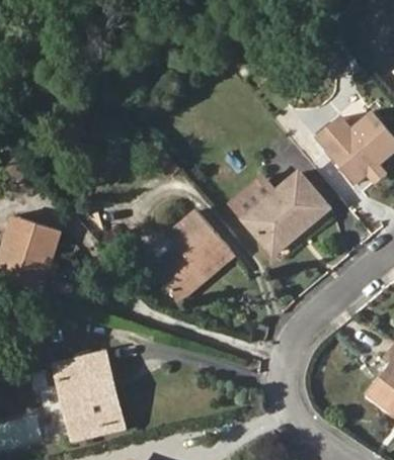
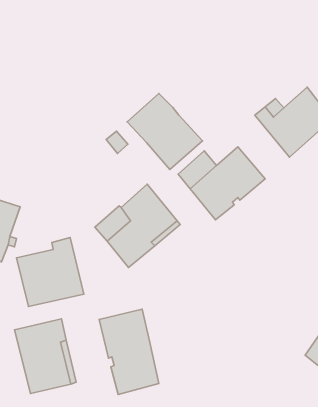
building: none -> [127,93,203,170]
building: none -> [17,237,84,307]
building: none -> [99,309,159,394]

